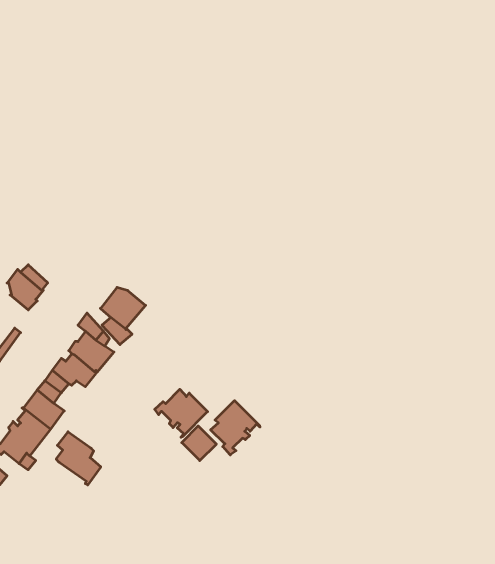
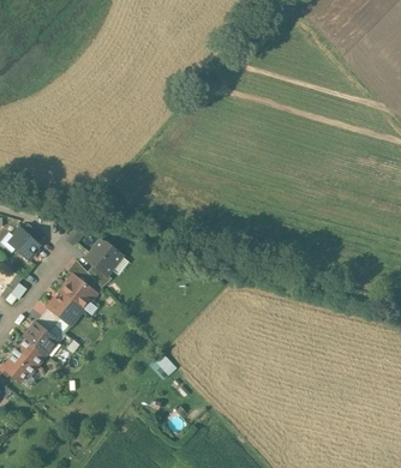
building: [155,389,208,437] -> none
building: [211,401,260,455] -> none
building: [56,432,101,485] -> none

